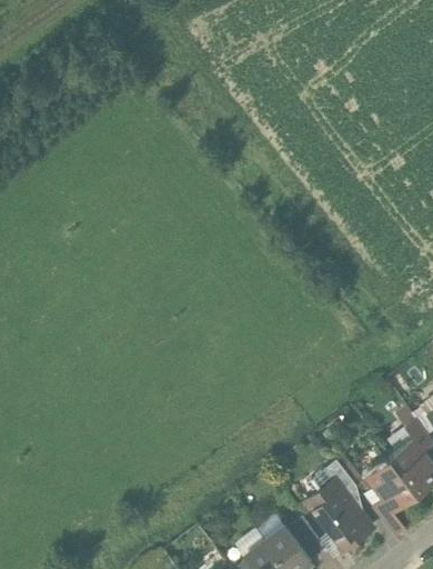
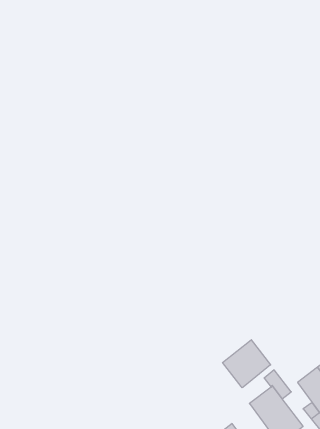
building: none -> [223,340,271,388]

